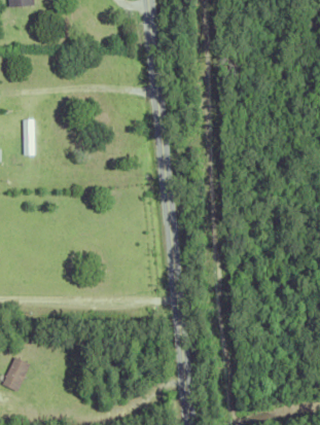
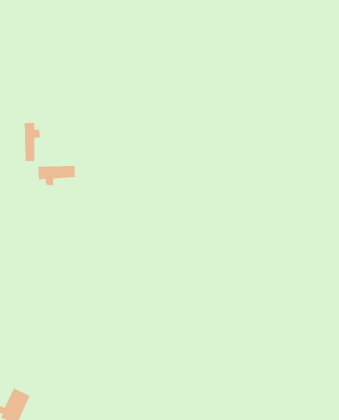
building: none -> [38,165,75,186]

